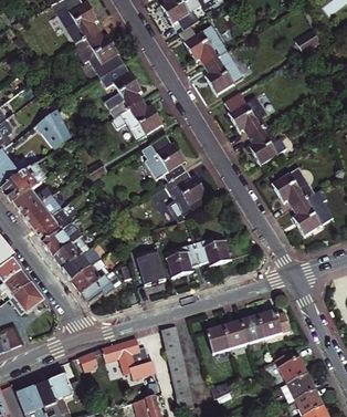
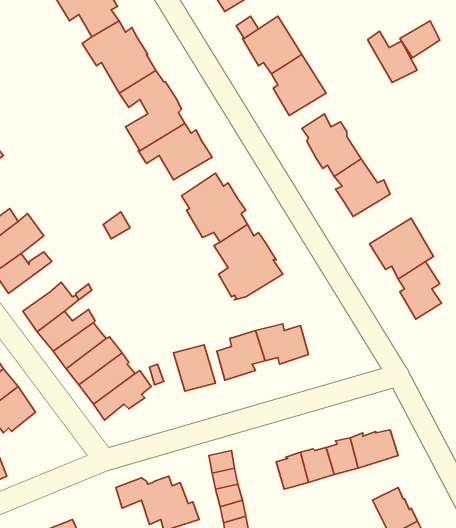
building: none -> [368,31,417,83]
building: [38,108,70,147] -> none
building: [22,195,56,229] -> none

